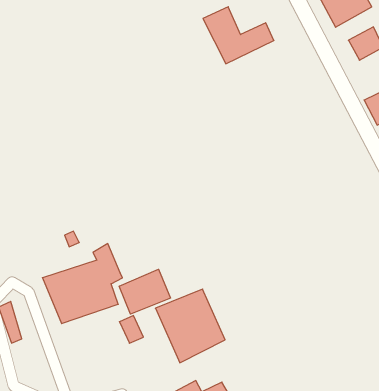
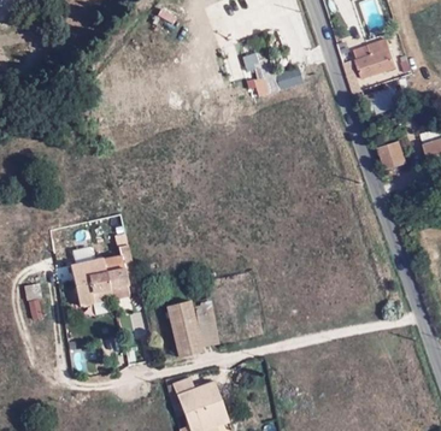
building: [119,269,171,314] -> none

